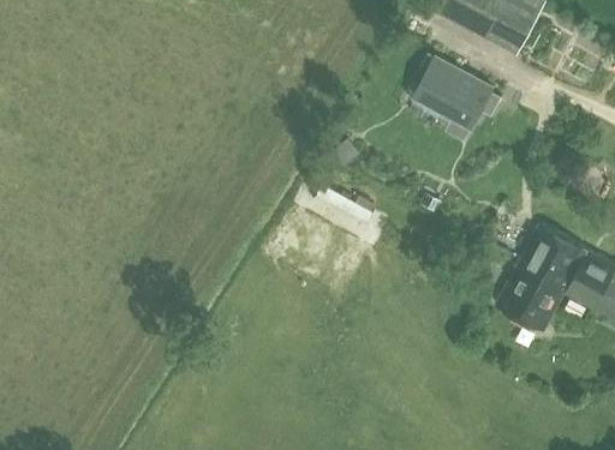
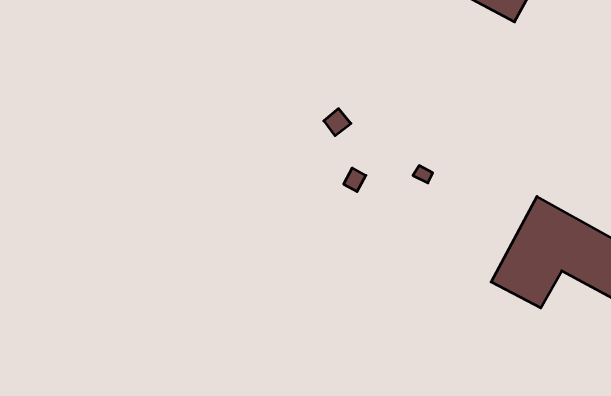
building: [411,62,497,133] -> none

